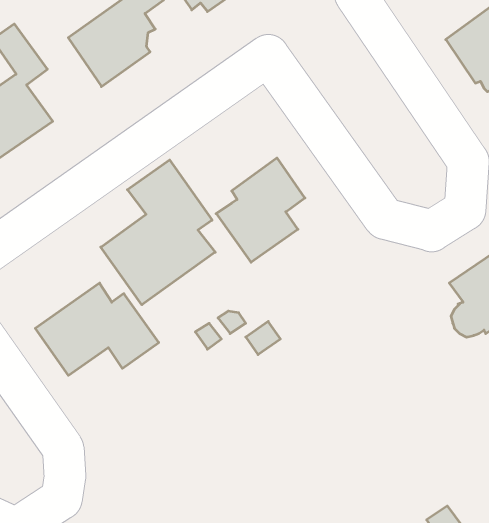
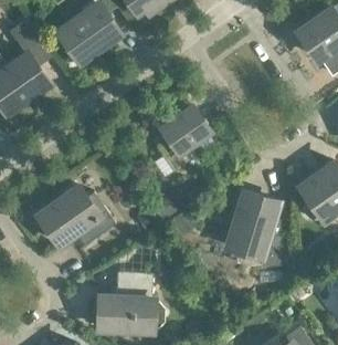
building: [101,160,215,305] -> none
building: none -> [226,192,282,268]
building: none -> [97,272,156,332]

